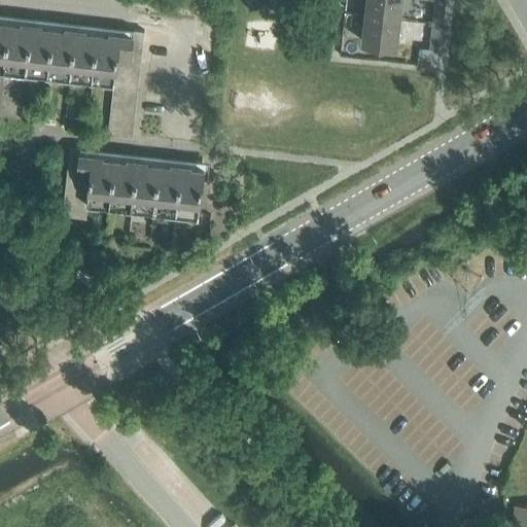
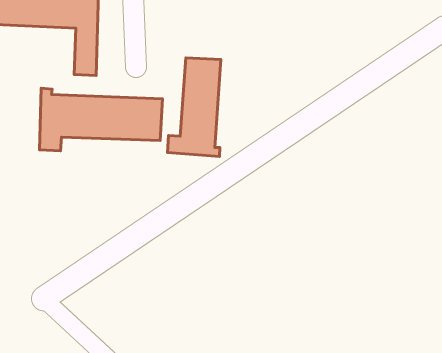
building: none -> [168,58,221,157]

